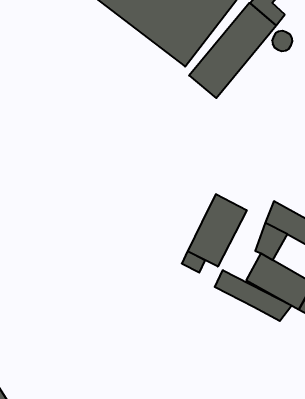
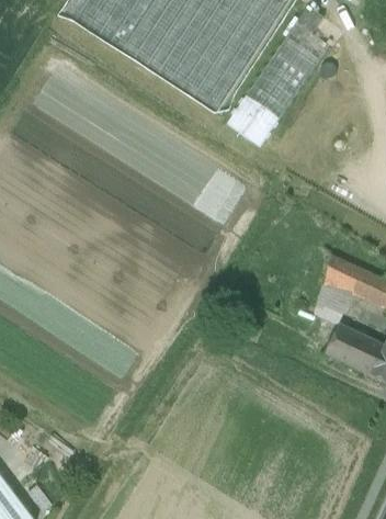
building: [188,194,247,267] -> none
building: [215,270,292,321] -> none

